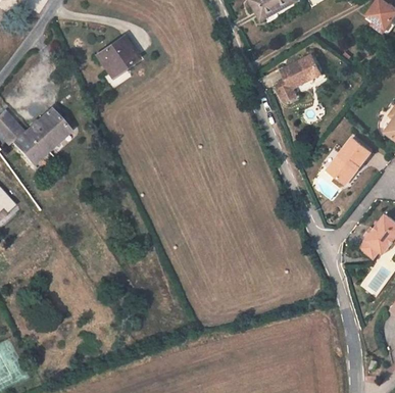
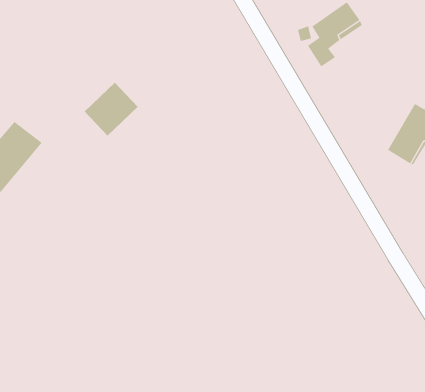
building: [95,37,137,78] -> [84,82,138,137]

